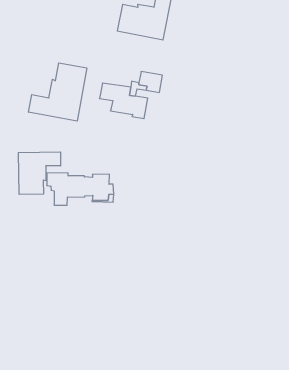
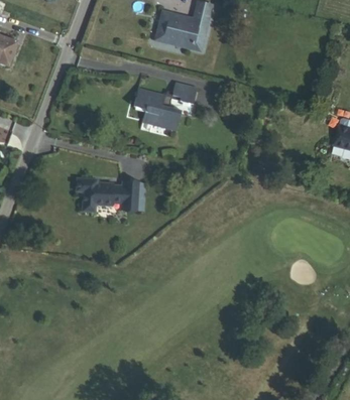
building: [29,63,87,121] -> none
building: [18,152,61,194] -> none

